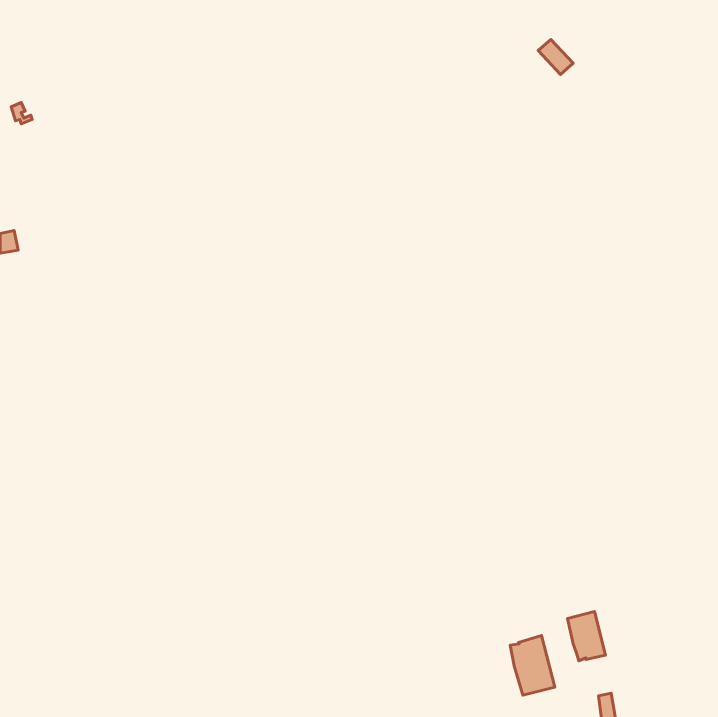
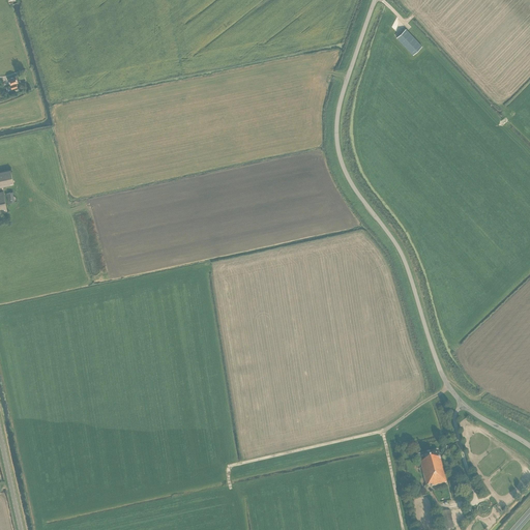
building: [510,636,555,695] -> none

